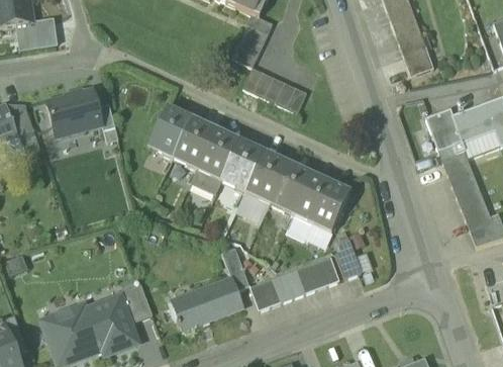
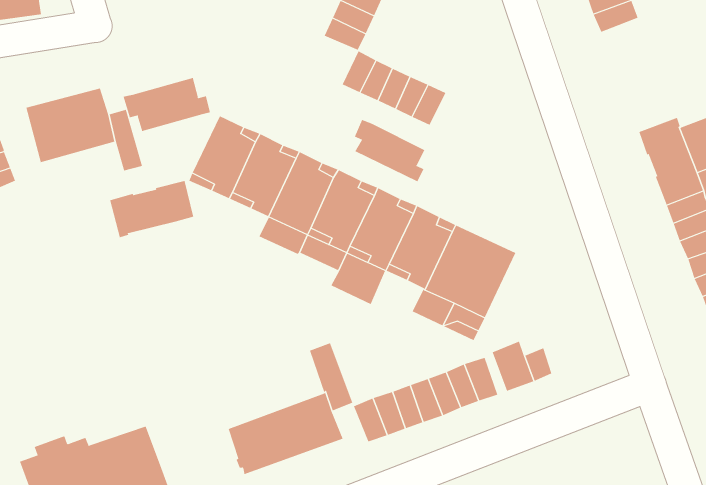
building: [402,45,434,78] -> none
building: none -> [123,77,211,132]
building: none -> [354,119,425,182]
building: none -> [109,180,194,238]
building: [116,279,152,323] -> none

